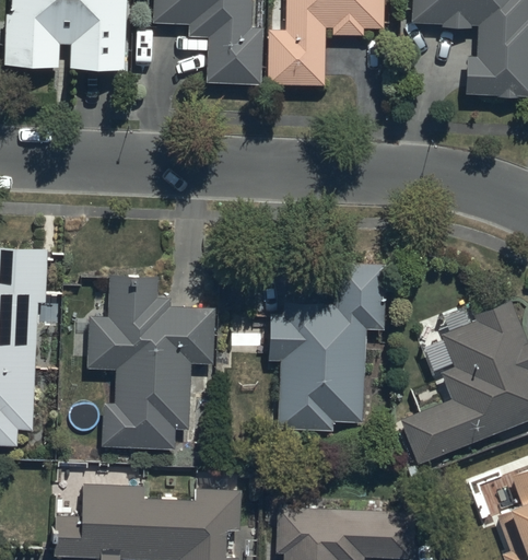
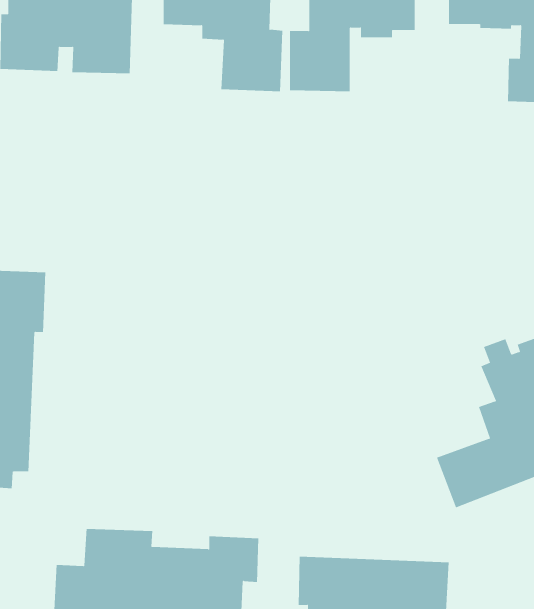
building: [270,264,386,431] -> none
building: [87,276,214,450] -> none

